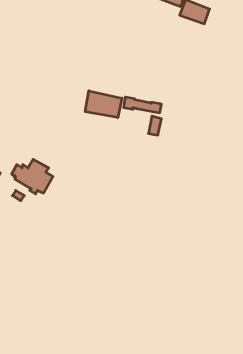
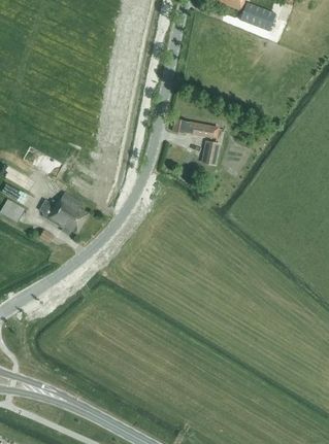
building: [85,91,122,118] -> none

